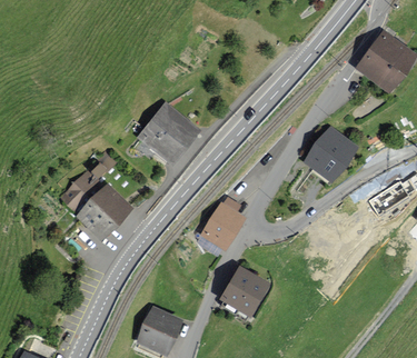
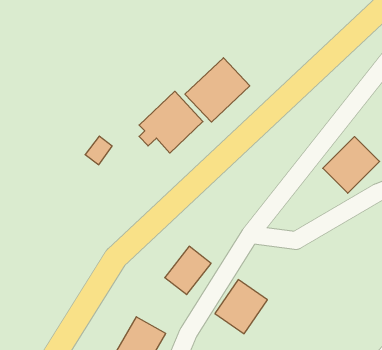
building: none -> [185,58,250,122]
building: [64,172,129,237] -> none
building: [202,203,242,247] -> [165,246,211,295]

